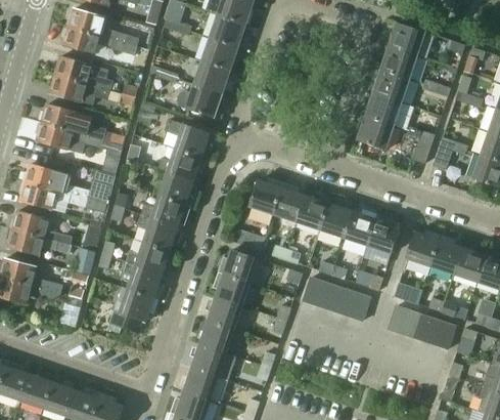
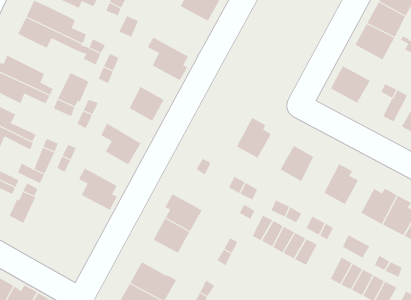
building: [176,85,223,119] -> none
building: [363,93,413,130] -> none
building: [157,149,206,180] -> none
building: [248,177,282,214] -> none
building: [140,195,185,227] -> none
building: [296,196,328,229] -> none
building: [343,209,376,245] -> none
building: [126,242,169,274] -> none
building: [217,250,258,283] -> none
building: [110,289,158,332] -> none
building: [198,321,233,353] -> none

